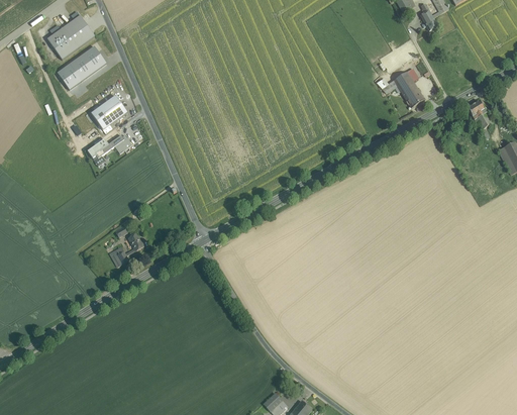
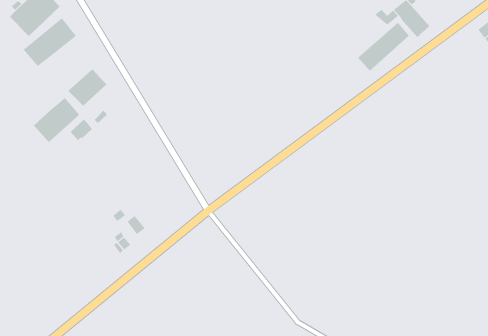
building: none -> [357,22,409,72]
building: none -> [33,97,80,143]

